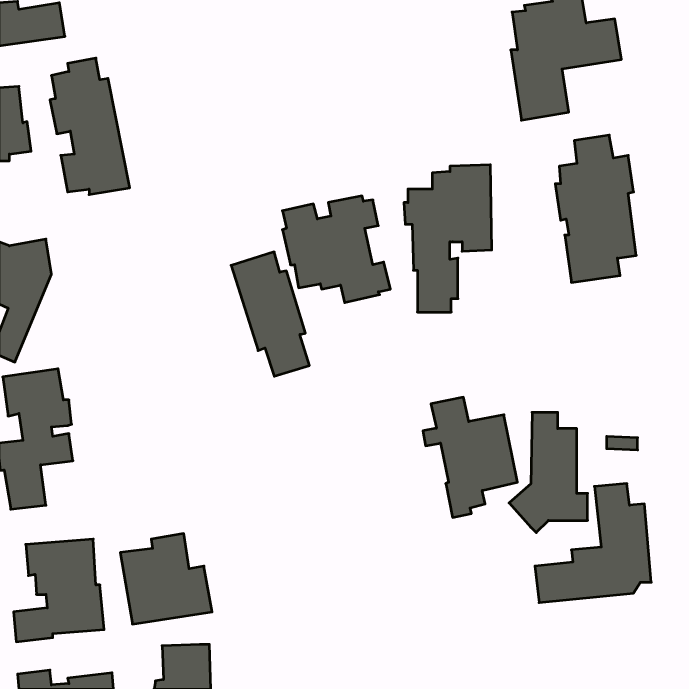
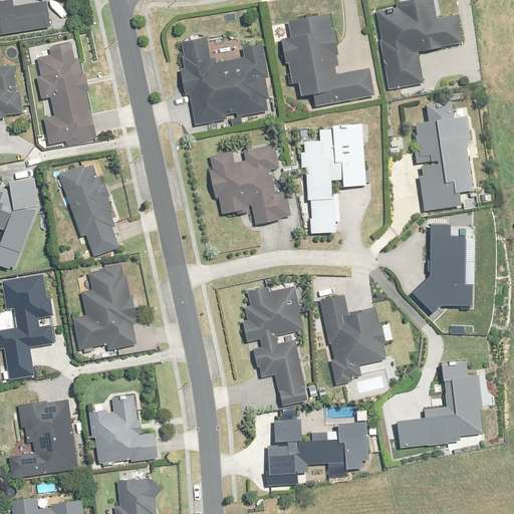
building: none -> [281,14,373,106]
building: none -> [178,38,269,125]
building: [231,252,309,376] -> [60,164,118,256]
building: none -> [73,264,139,349]
building: none -> [243,286,307,406]
building: [509,412,588,533] -> [414,225,472,314]
building: none -> [264,419,376,475]

